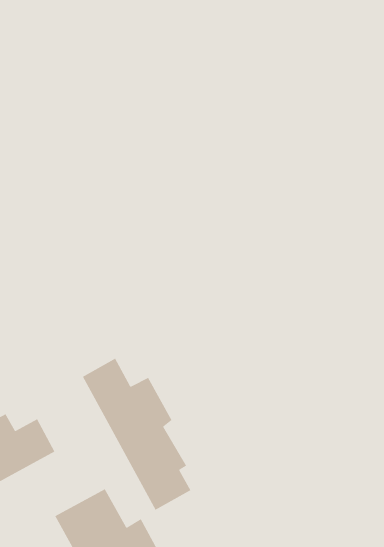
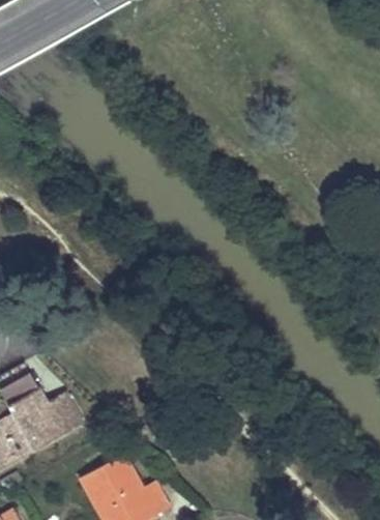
building: [82,358,191,511] -> none

